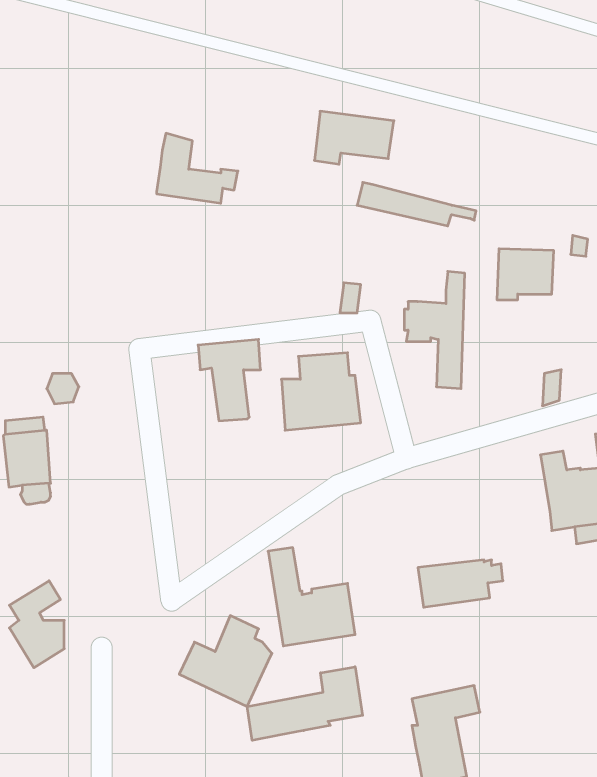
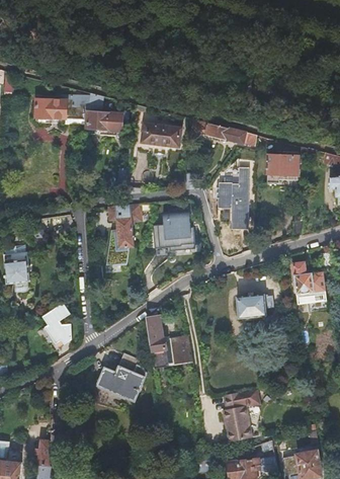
building: [314,111,394,164] -> [140,123,182,151]
building: none -> [33,98,88,123]
building: [418,560,503,607] -> [235,292,280,317]
building: [9,581,64,668] -> [41,304,71,350]
building: [247,667,363,740] -> none

